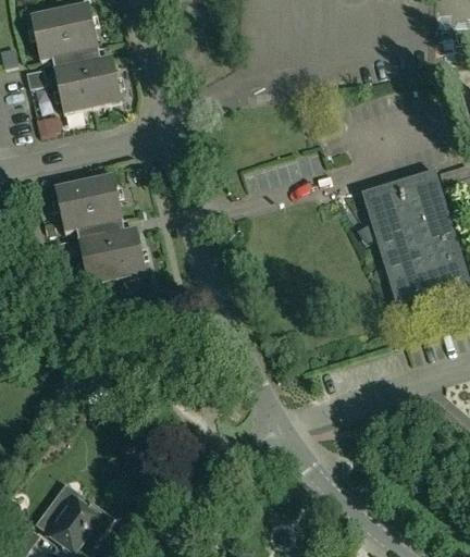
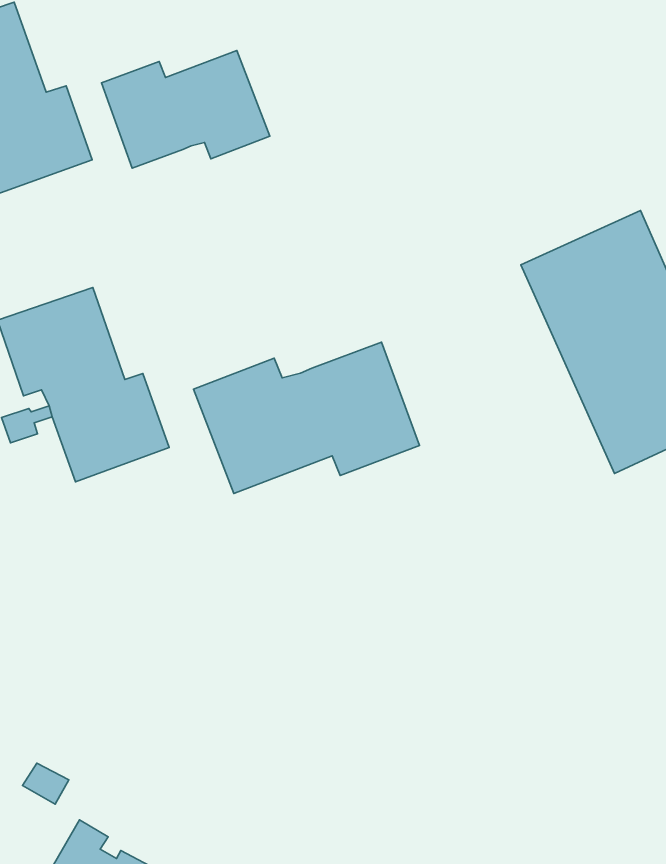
building: none -> [102,50,270,168]
building: none -> [193,342,419,493]

